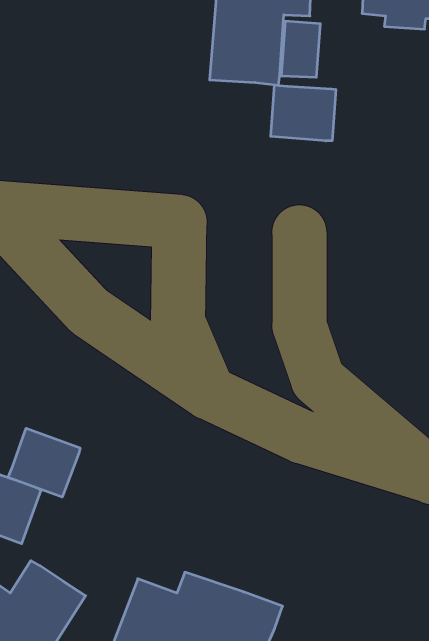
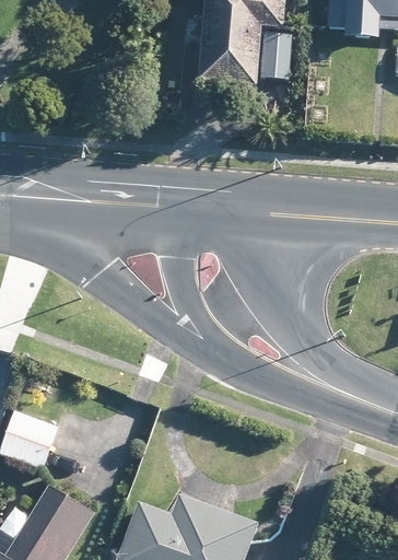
building: [271,85,336,141] -> none
building: [8,428,80,497] -> none

